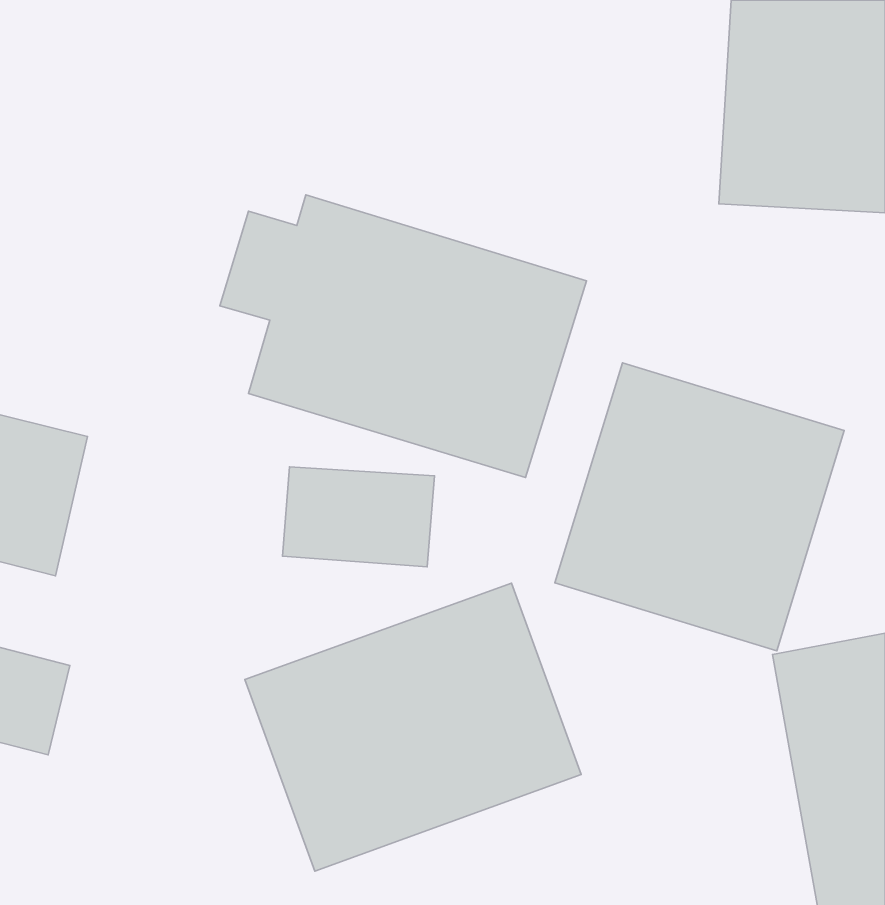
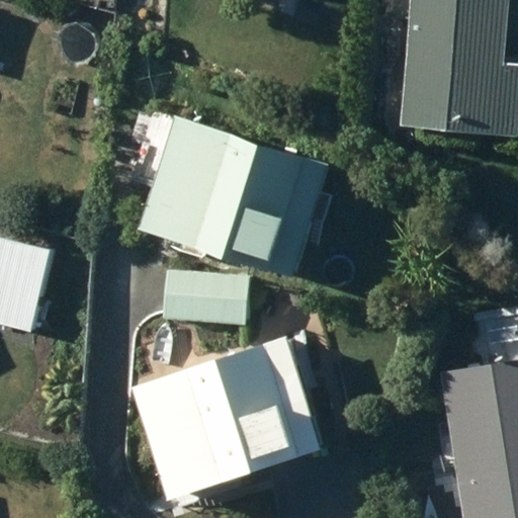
building: [555,363,844,651] -> none

